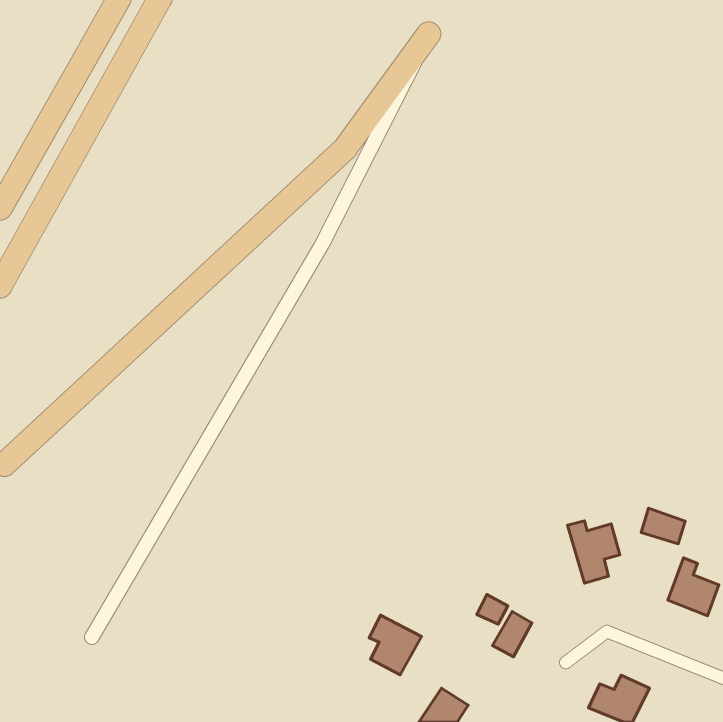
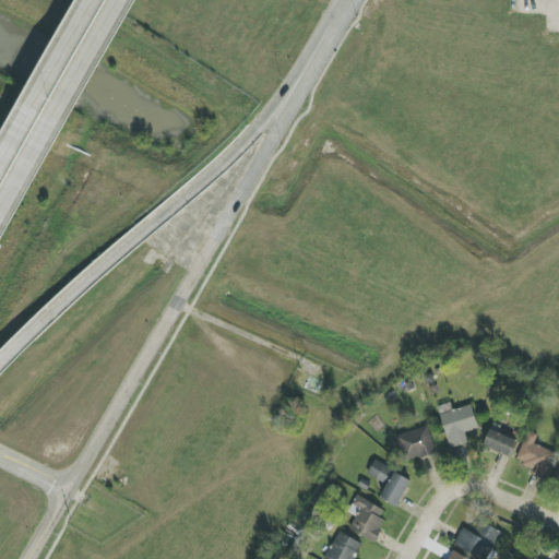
building: [641,508,685,544] -> [484,429,518,456]
building: none -> [395,425,437,463]
building: [369,615,421,675] -> [348,495,389,540]

